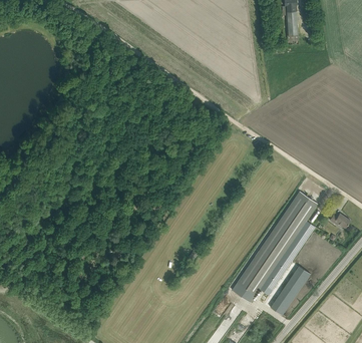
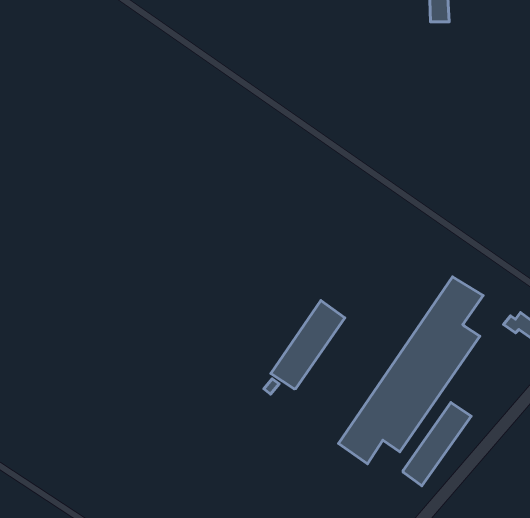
building: none -> [271,300,345,389]

